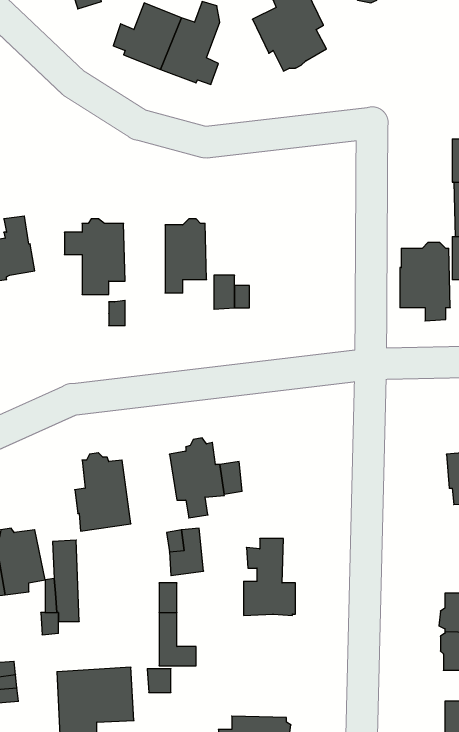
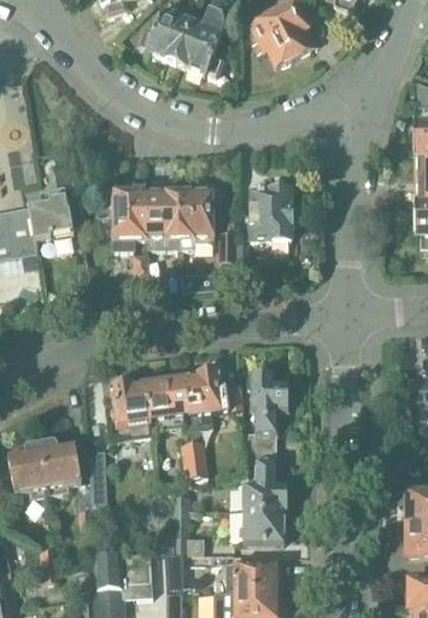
building: none -> [146,187,180,246]
building: [400,243,450,321] -> [251,185,292,249]
building: none -> [245,371,289,455]
building: none -> [145,375,189,435]
building: none -> [244,508,286,541]
building: none -> [205,561,282,593]

